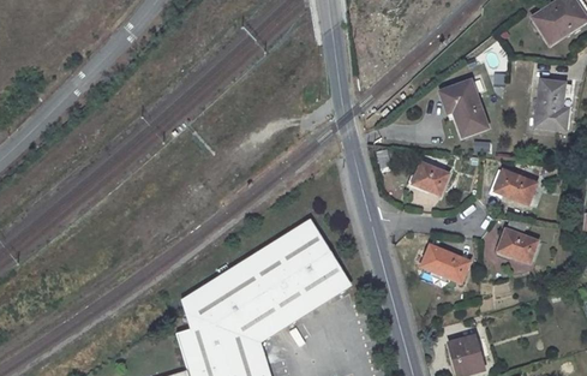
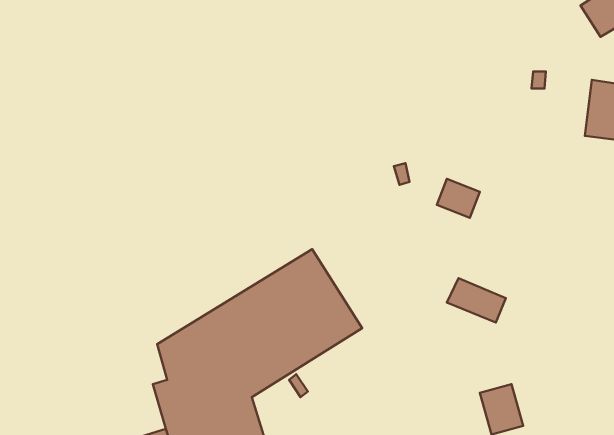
building: [447,79,487,135] -> none
building: [495,168,537,203] -> none
building: [498,219,539,262] -> none

